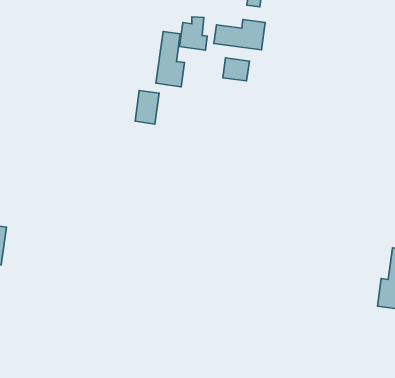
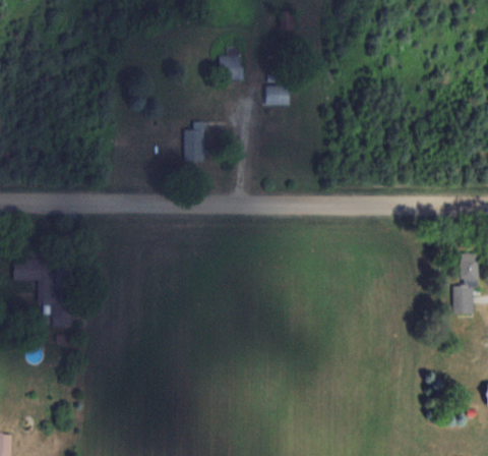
building: [214,20,265,50] -> none
building: [156,32,185,87] -> none

